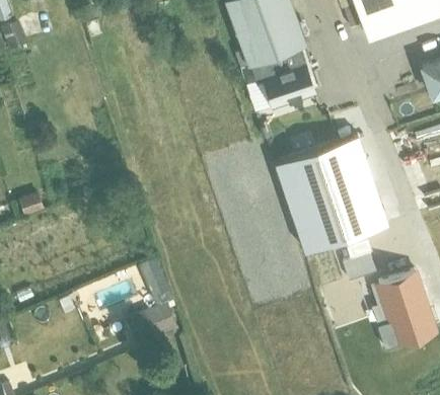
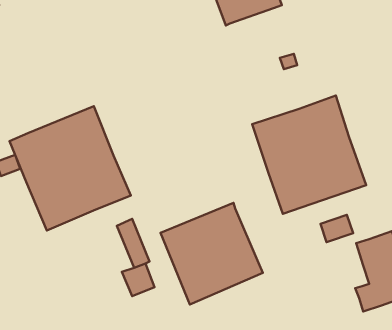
building: [252,48,314,105] -> none
building: none -> [10,106,131,231]
building: none -> [160,203,263,305]

